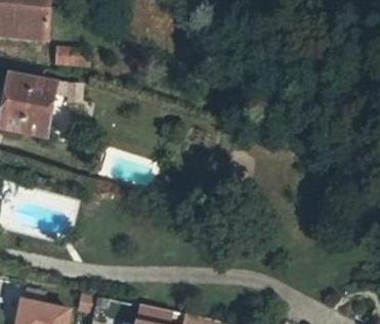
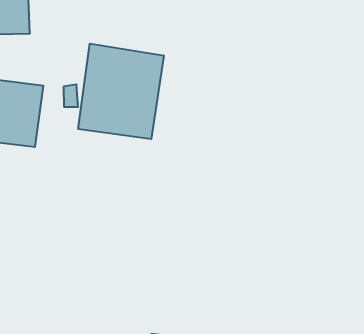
building: none -> [78,44,164,139]

